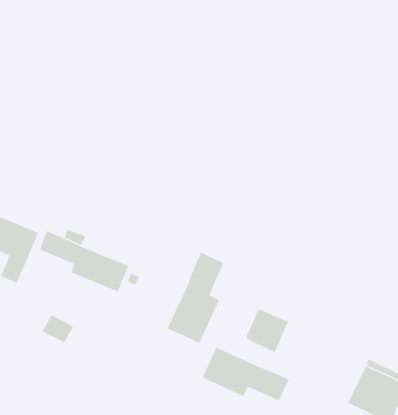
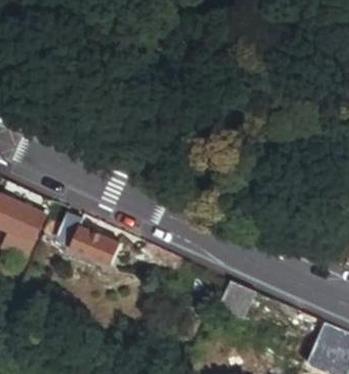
building: [167,252,224,344] -> none
building: [202,347,290,401] -> none

